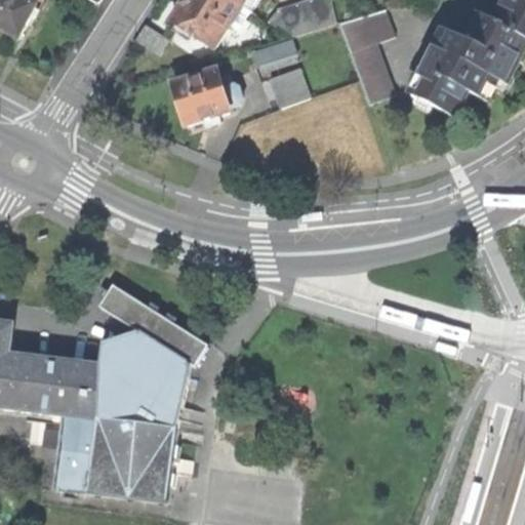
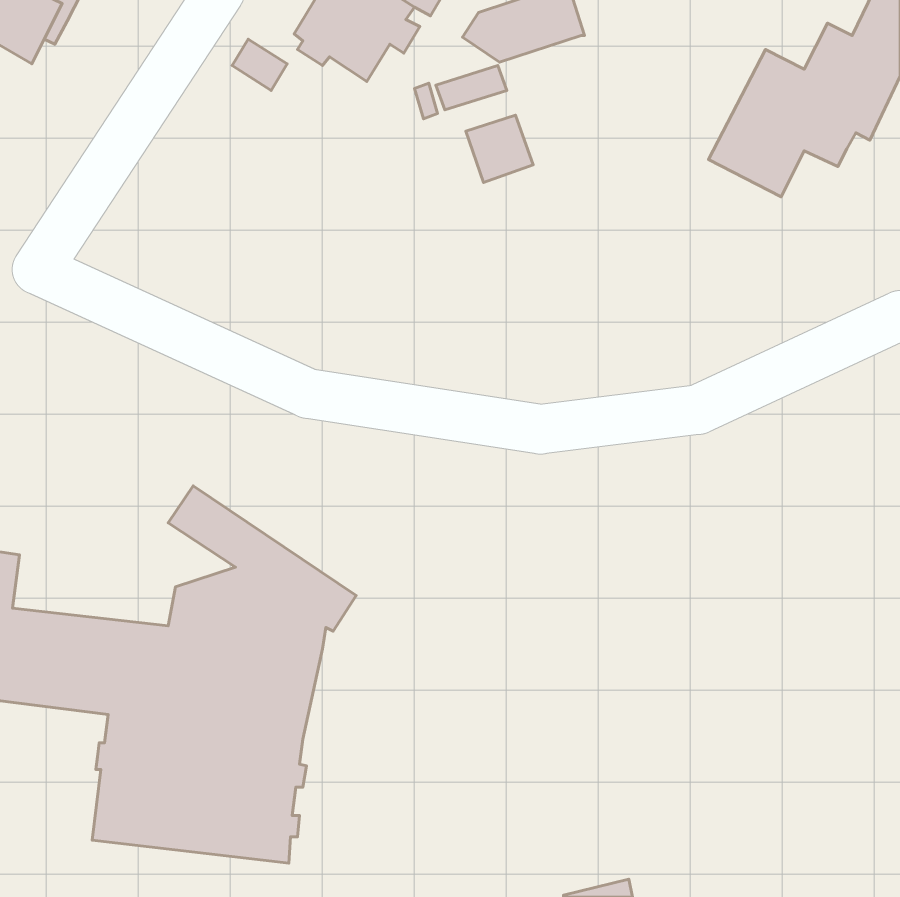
building: [336,6,395,104] -> none
building: [171,69,240,123] -> none

